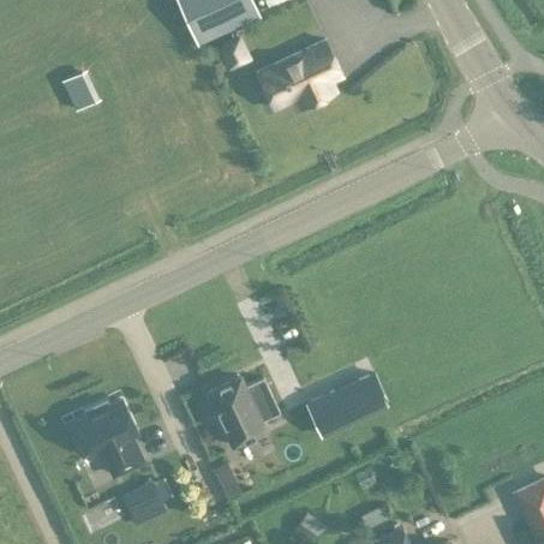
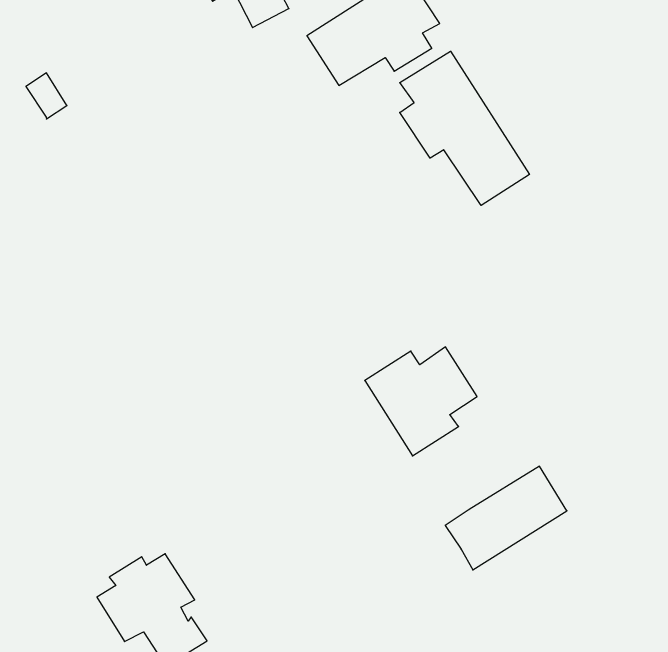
building: none -> [400,51,529,205]
building: [207,378,279,447] -> [365,347,477,456]

